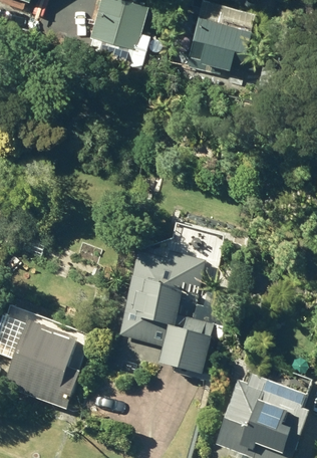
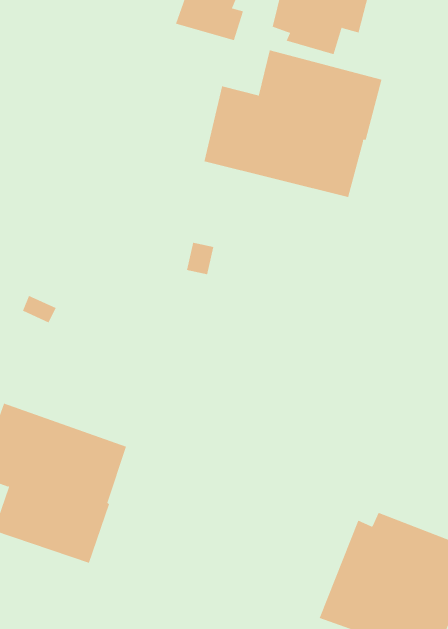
building: none -> [204,50,382,198]
building: [120,252,215,375] -> none

